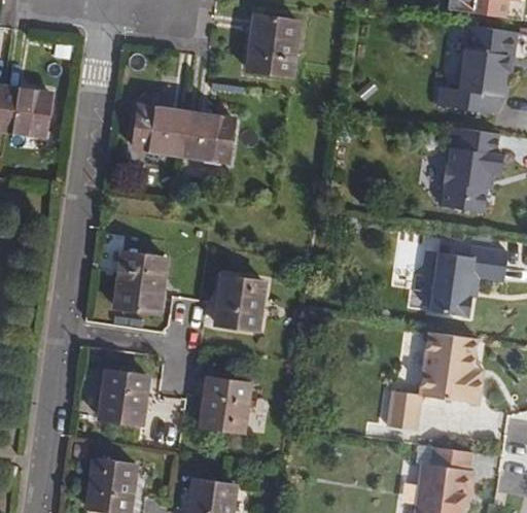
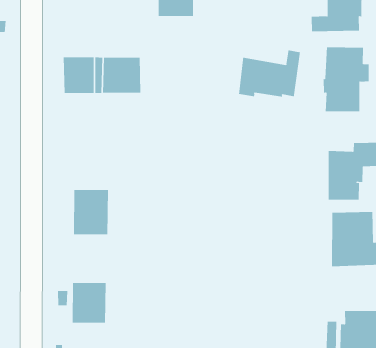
building: none -> [239,49,301,97]
building: [216,281,266,336] -> none
building: [202,382,250,436] -> none
building: [387,388,421,431] -> none

